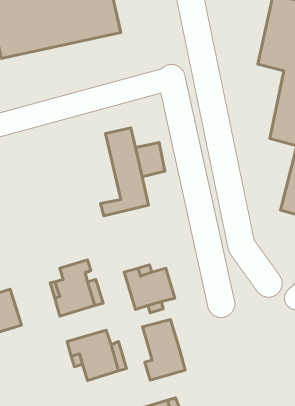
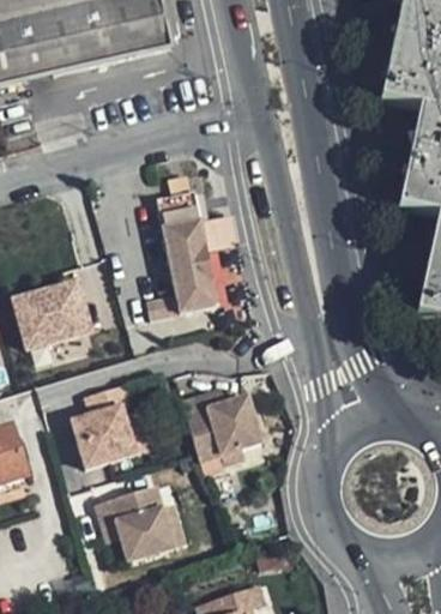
building: none -> [12,282,89,349]
building: [143,320,185,380] -> none

